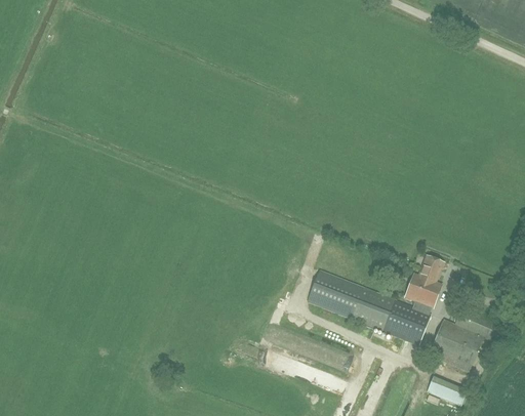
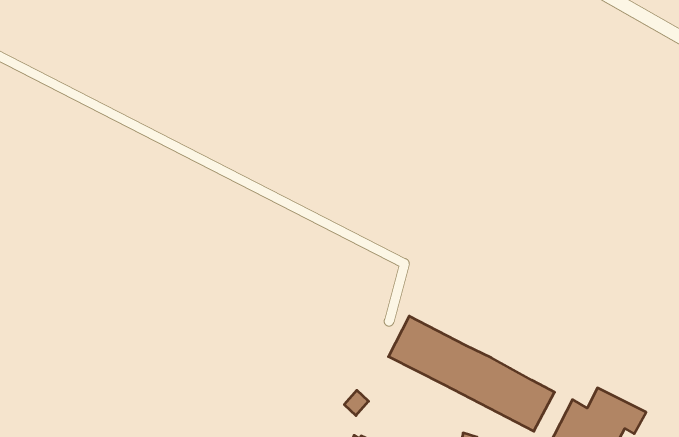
building: [405,255,443,311] -> none

